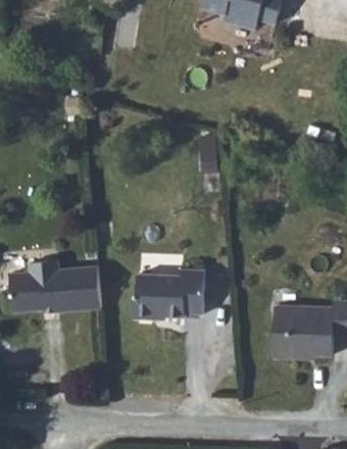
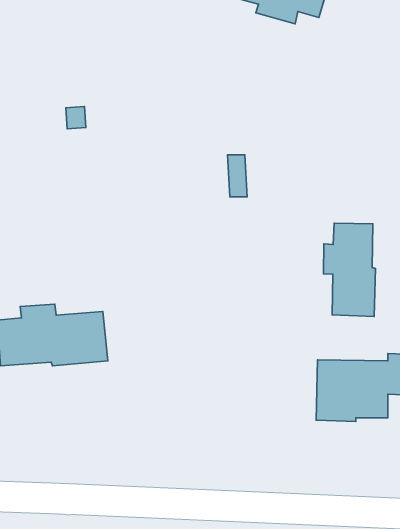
building: none -> [323,223,376,316]
building: [132,269,203,319] -> none

